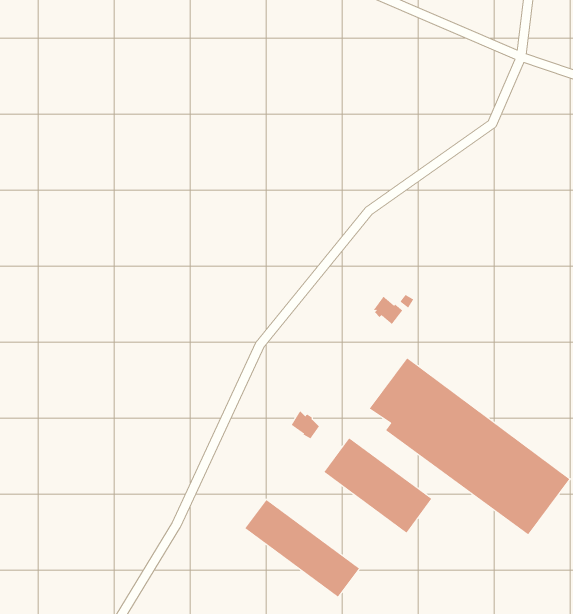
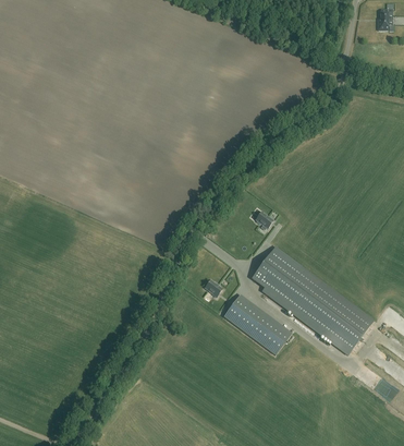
building: [245,499,360,598] -> none

